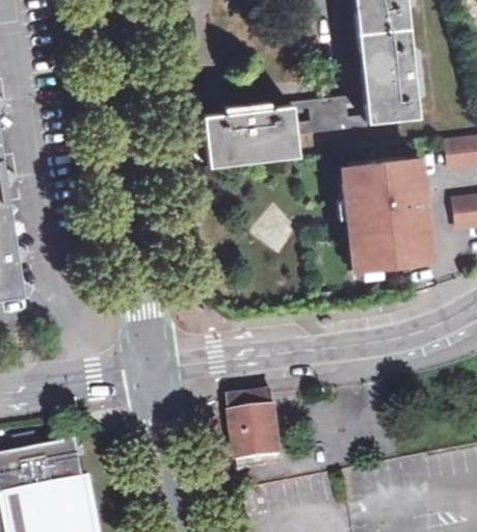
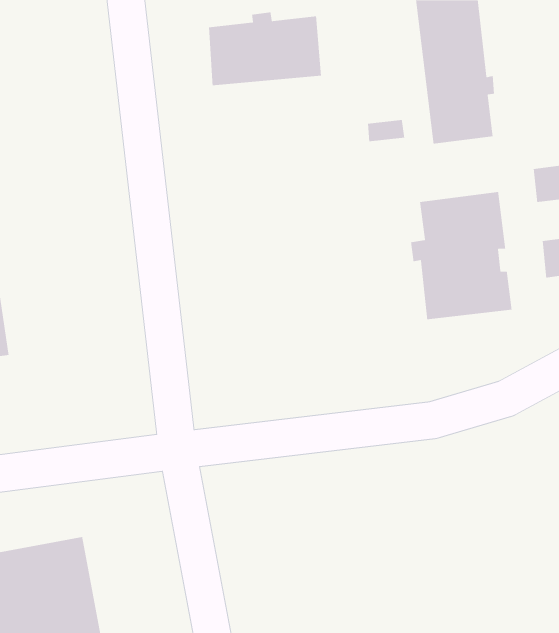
building: [202,103,295,164] -> [208,12,322,86]
building: [229,394,281,461] -> none

